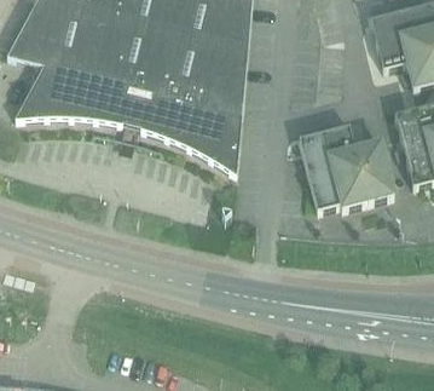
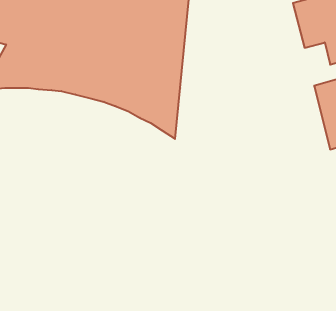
building: [299,126,394,211] -> none

